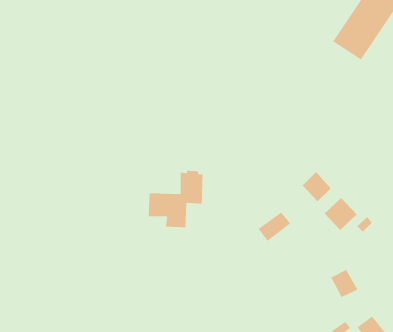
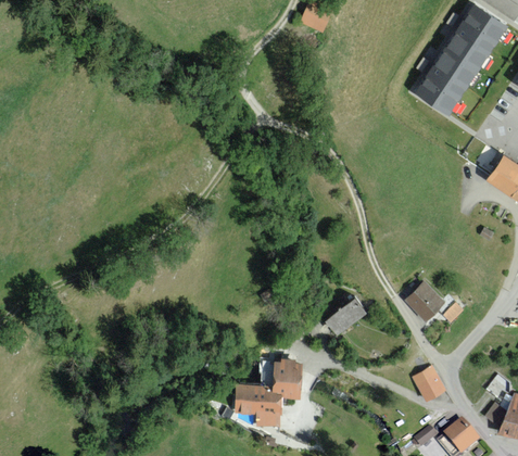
building: [148,170,203,228] -> [235,356,301,426]
building: [302,171,332,202] -> none

